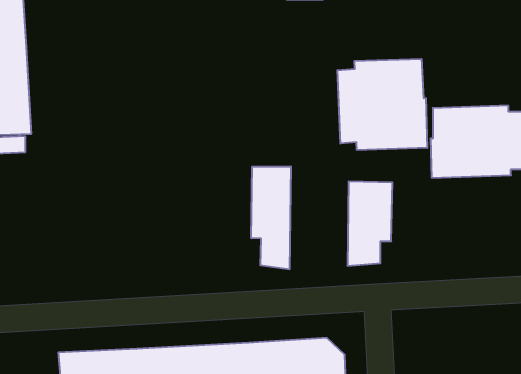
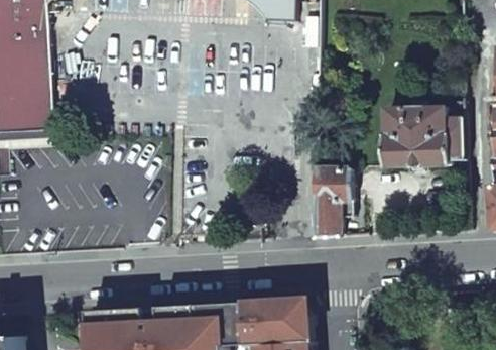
building: [338,59,427,150] -> none
building: [251,166,291,269] -> none

